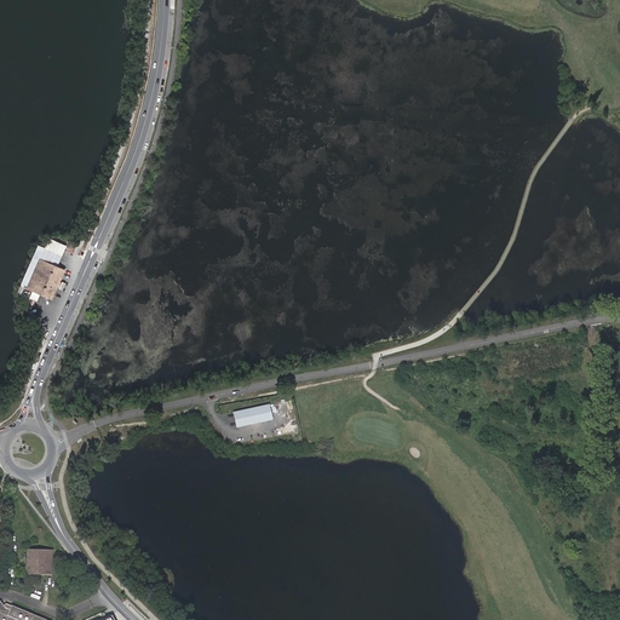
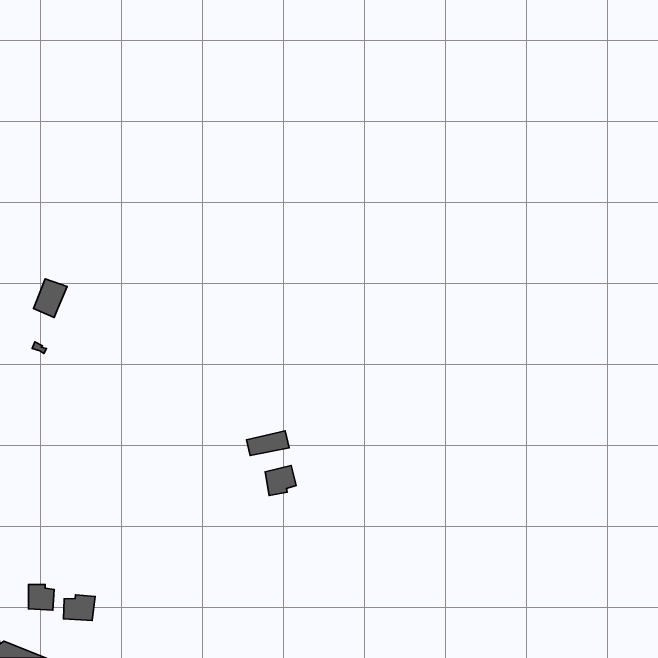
building: none -> [265,466,296,496]
building: none -> [63,595,95,620]

